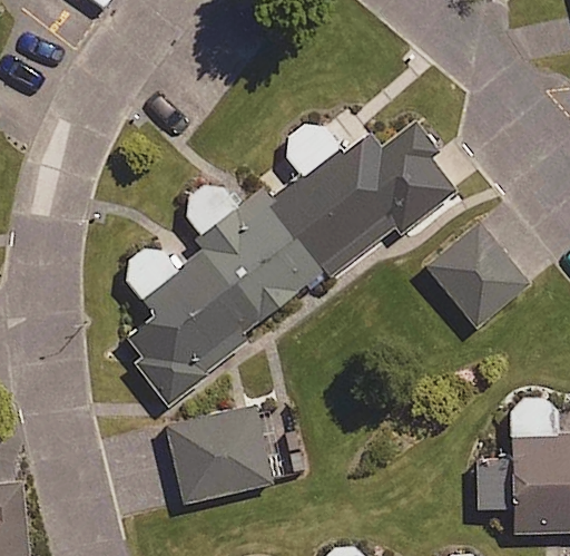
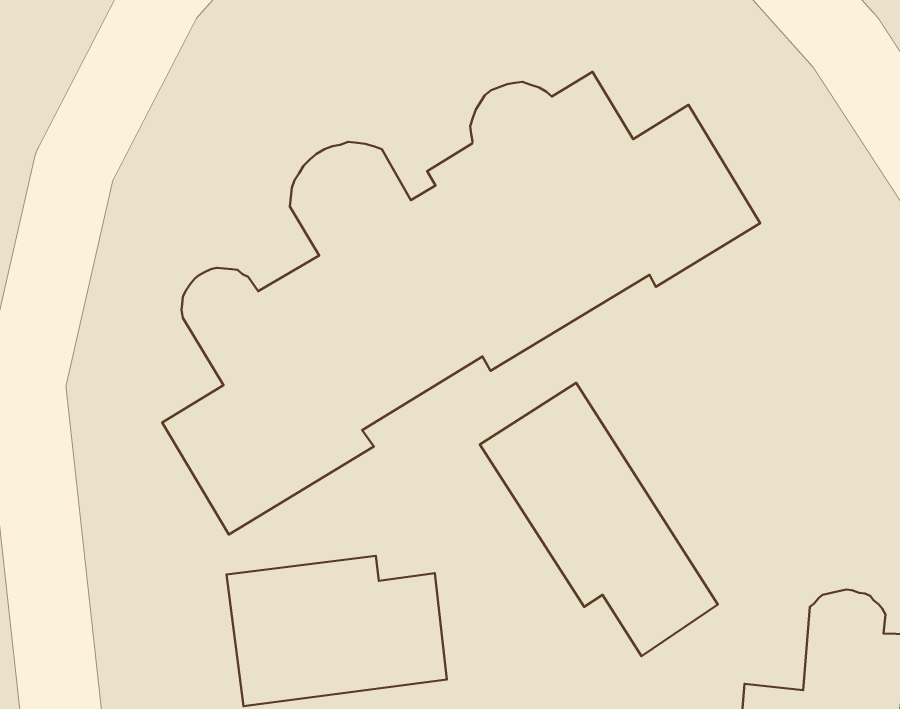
building: [428,227,527,329] -> none
building: none -> [480,383,718,656]

